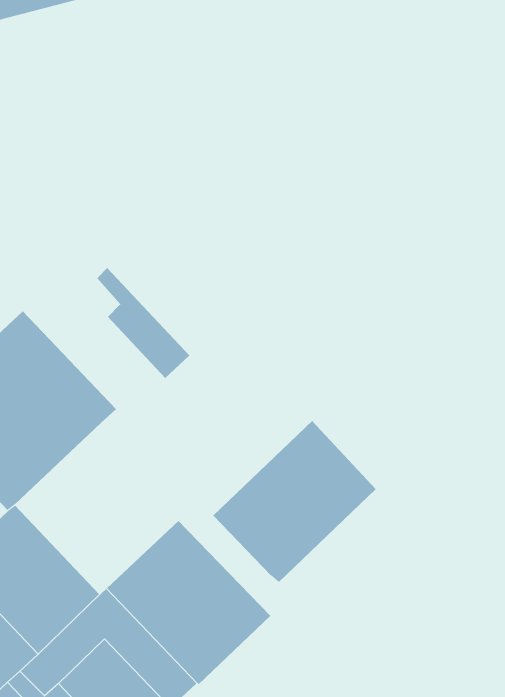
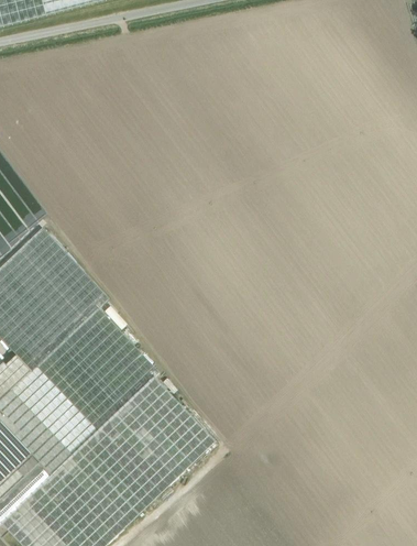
building: [96,267,190,379] -> none
building: [213,420,376,583] -> none
building: none -> [36,306,158,428]

